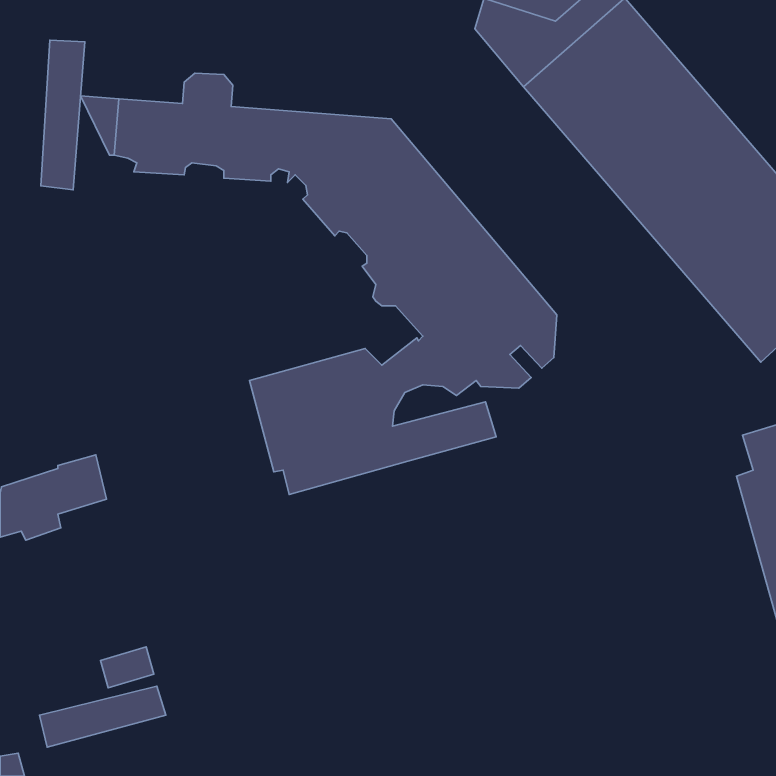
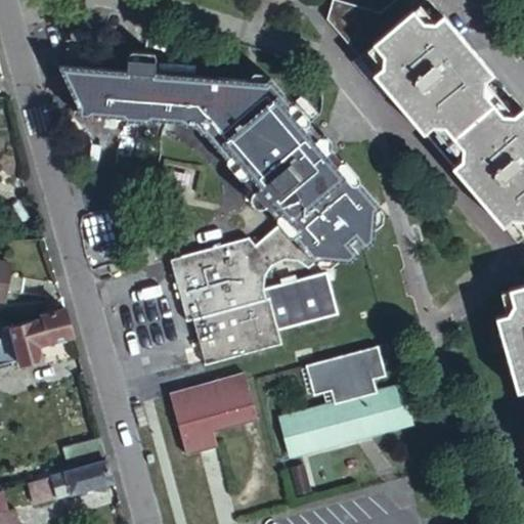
building: [41,40,85,190] -> none
building: none -> [195,294,340,364]
building: none -> [285,346,412,455]
building: none -> [172,375,262,456]

